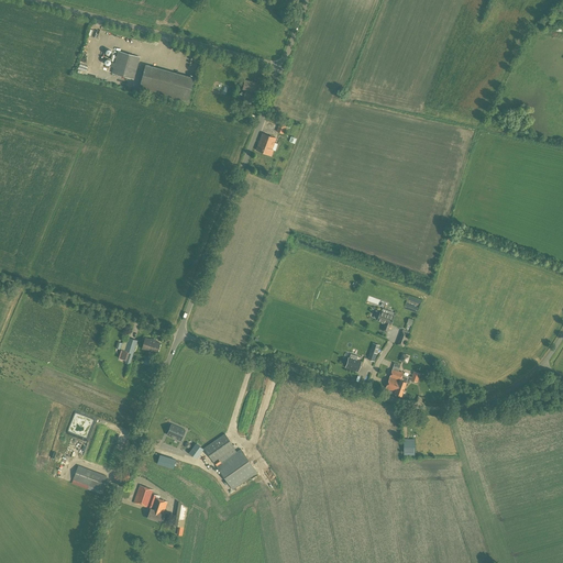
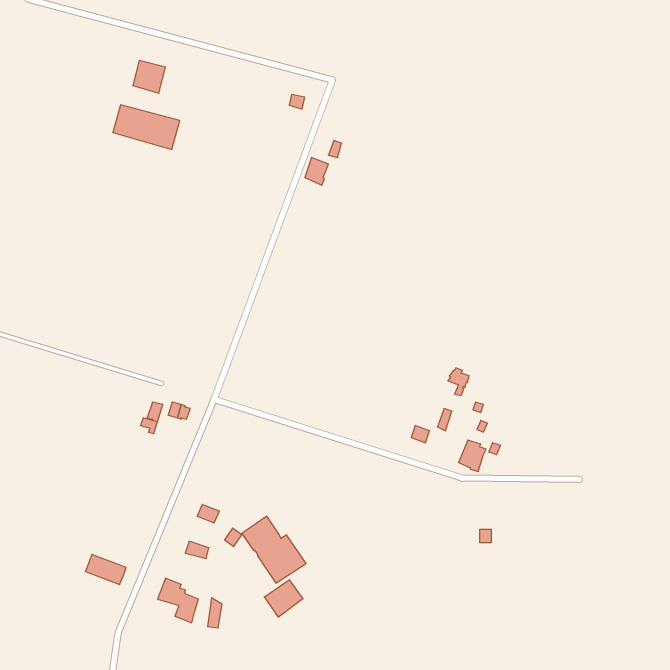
building: [137,64,194,101] -> [113,105,180,149]
building: none -> [264,580,303,617]

